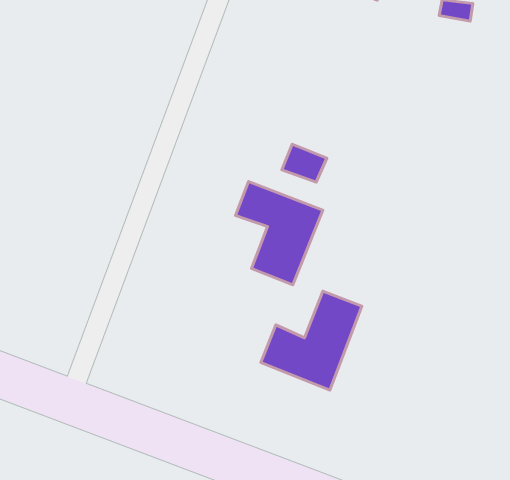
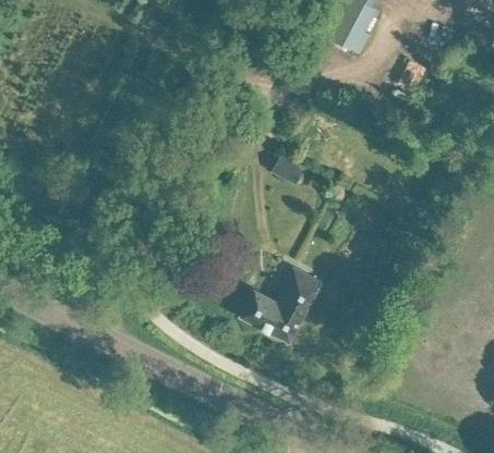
building: [236,182,323,285] -> none

